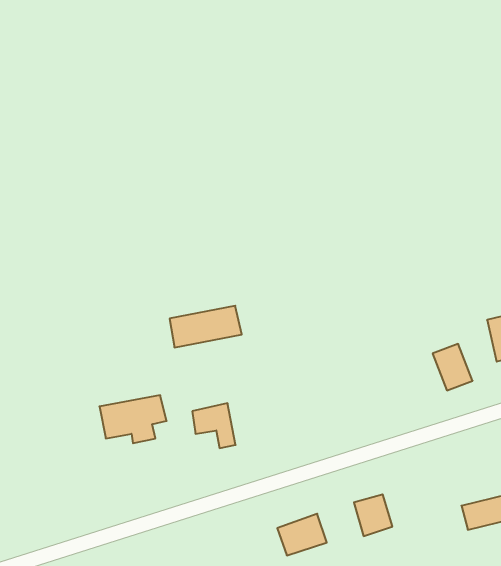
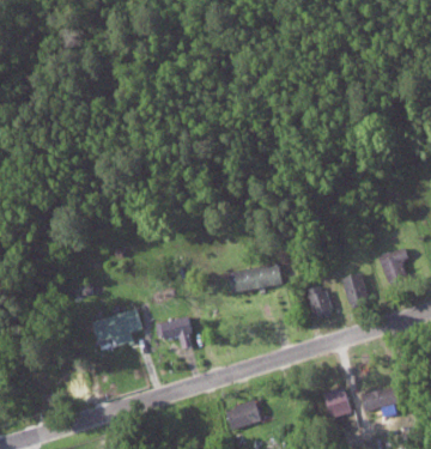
building: [170,306,242,347] -> [229,262,283,293]
building: none -> [305,286,330,316]
building: [354,494,392,536] -> [323,388,352,419]

